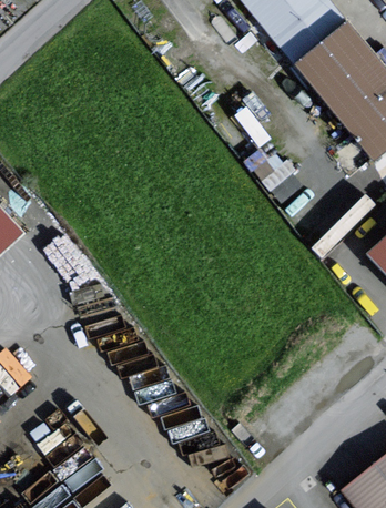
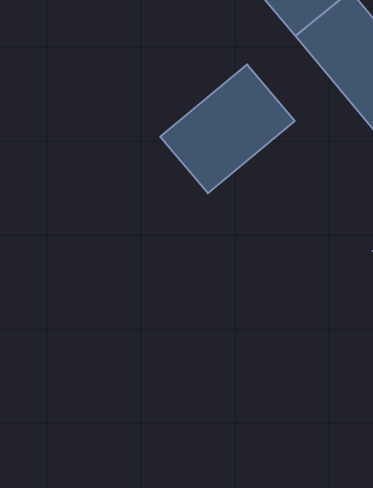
building: none -> [160,64,295,193]

